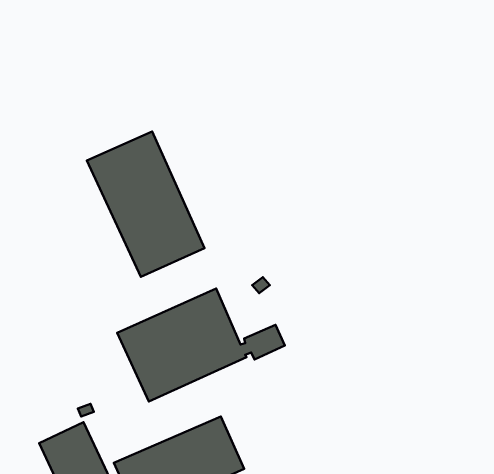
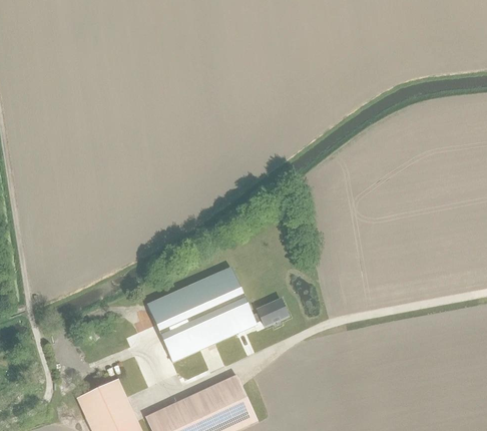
building: [87,132,204,277] -> none

